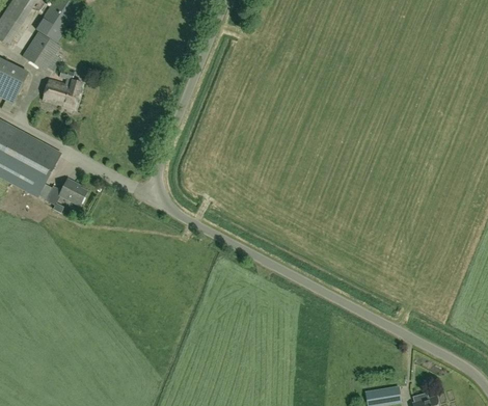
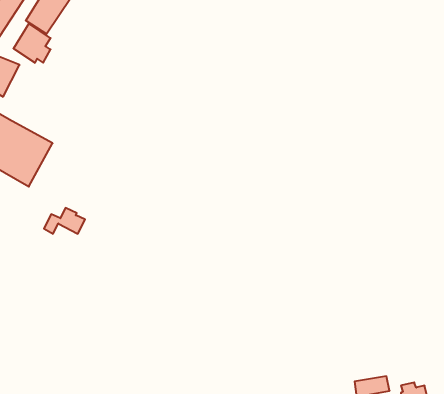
building: [42,69,82,108] -> none
building: [45,179,86,205] -> [44,208,85,234]

